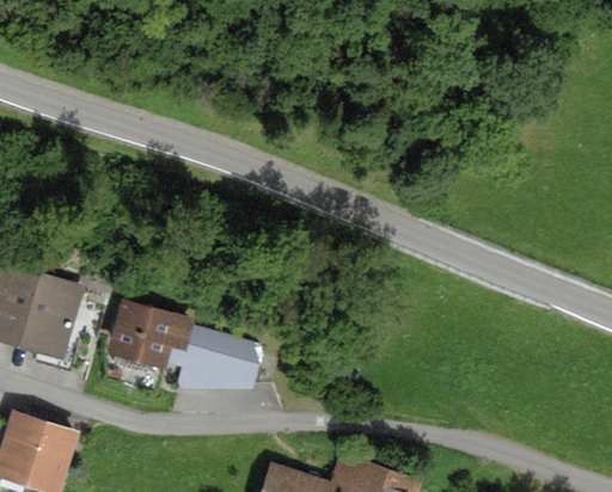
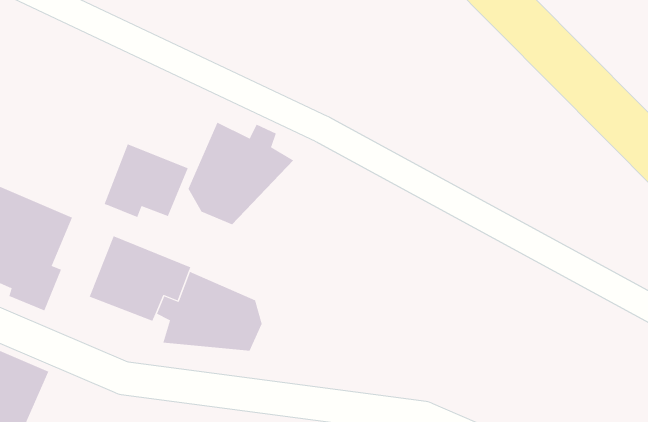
building: none -> [188,122,294,225]
building: none -> [104,144,188,218]

